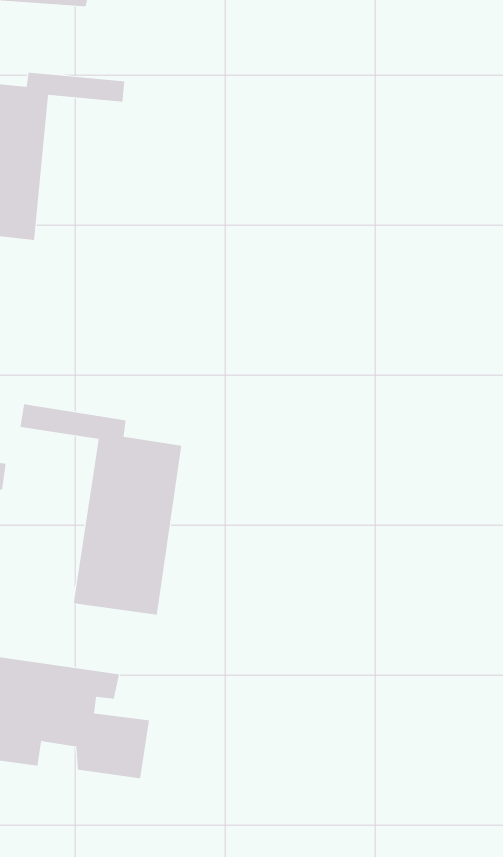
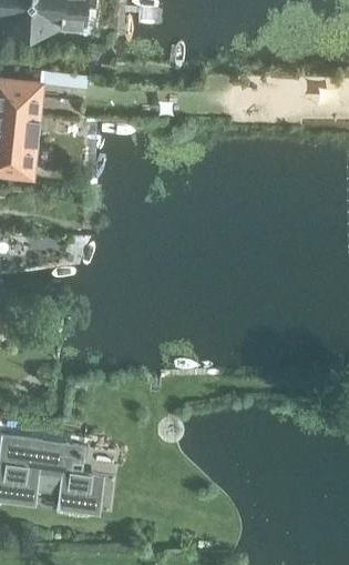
building: [20,403,182,615] -> none

